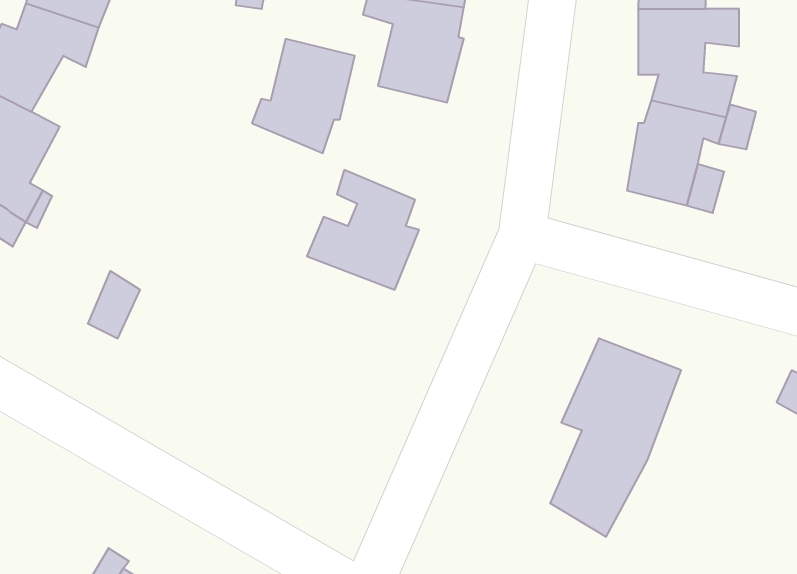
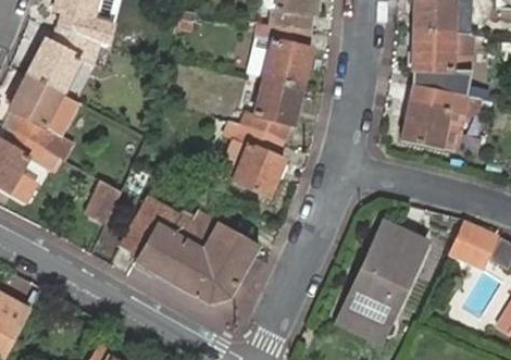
building: [252,39,355,153] -> [240,75,300,141]
building: none -> [125,199,262,305]
building: none -> [456,225,496,266]
building: none -> [342,271,392,343]

